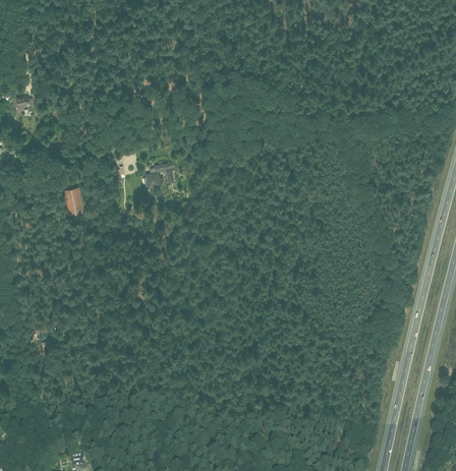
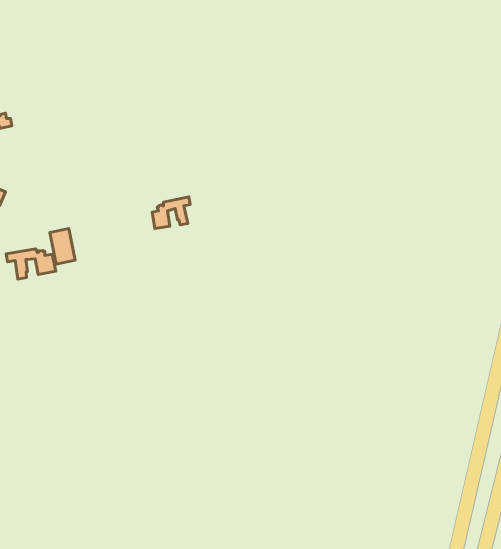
building: none -> [6,249,56,279]

